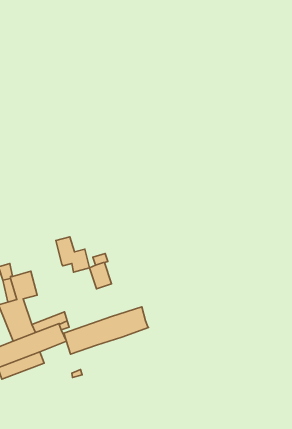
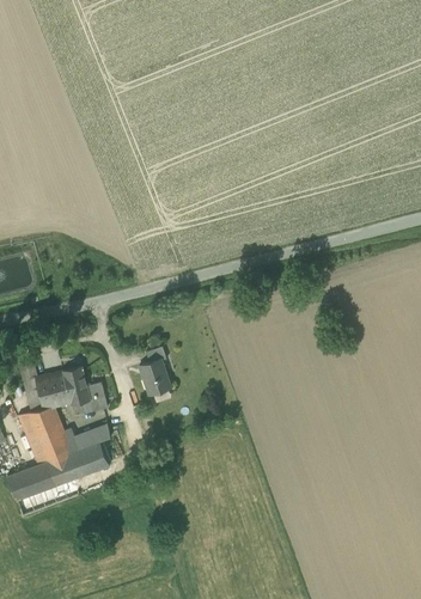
building: [56,237,89,272] -> [61,365,106,412]
building: [64,307,148,354] -> none

